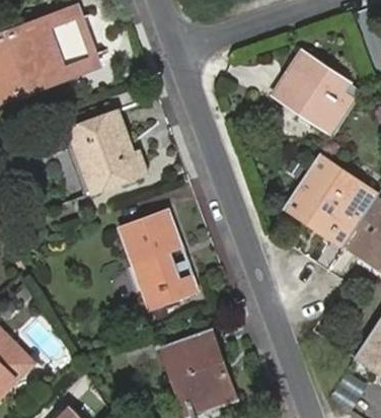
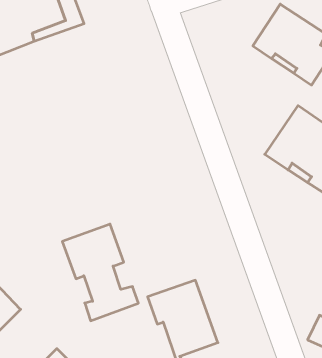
building: [70,111,150,196] -> none
building: [120,210,199,310] -> [62,224,138,321]

